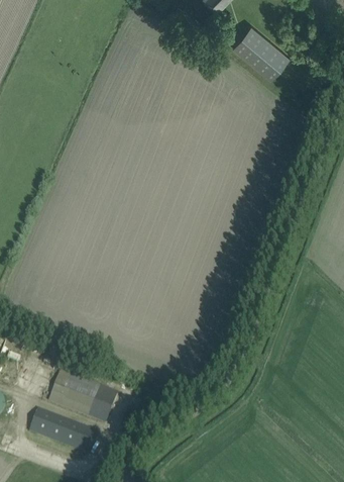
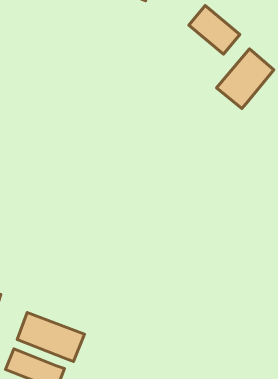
building: none -> [217,49,274,108]

